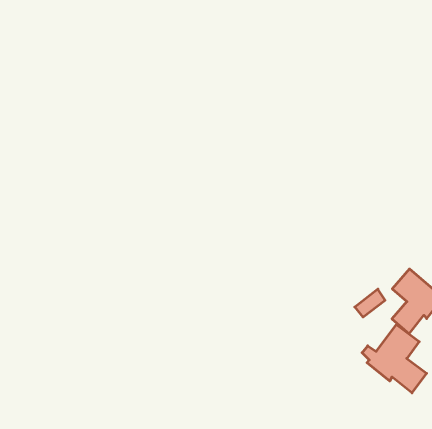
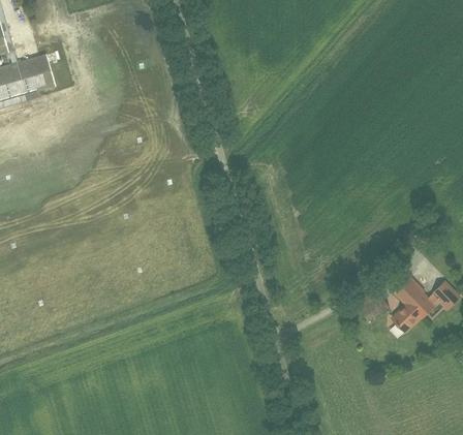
building: [362,325,427,393] -> none

